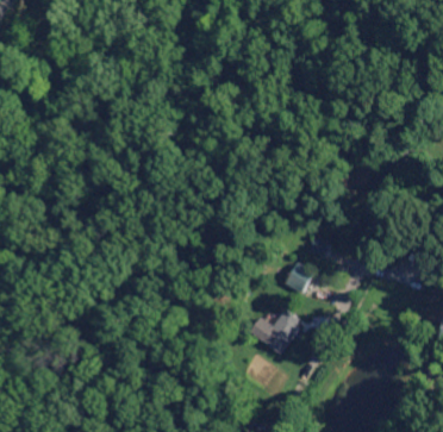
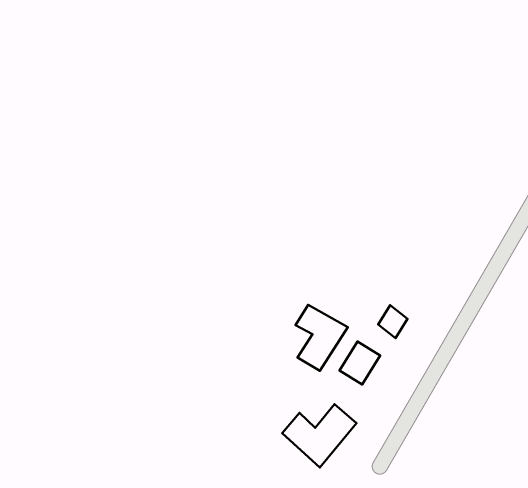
building: none -> [295,305,348,371]

